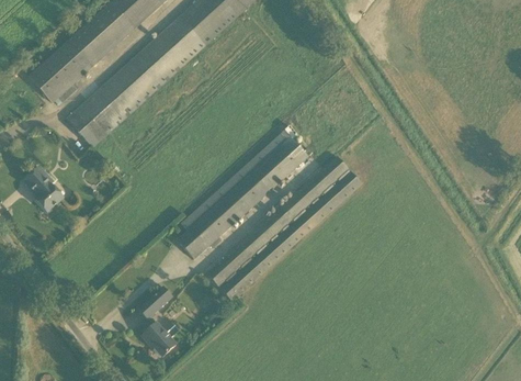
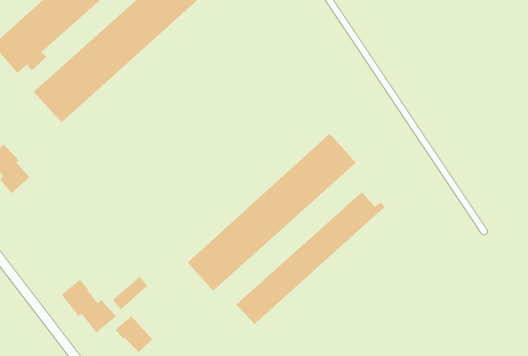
building: [175,137,313,259] -> [235,191,386,325]
building: none -> [61,279,117,333]

